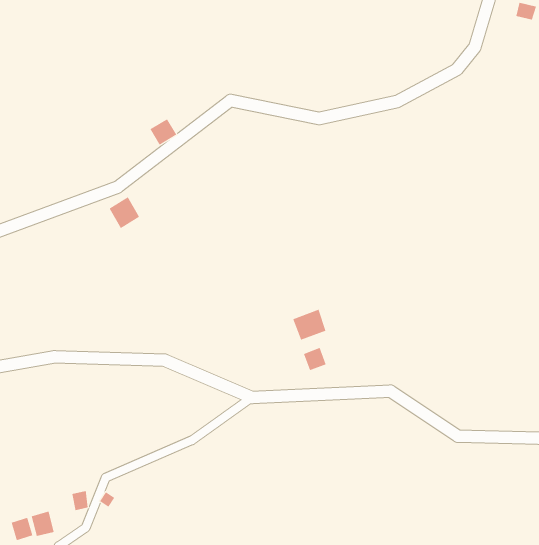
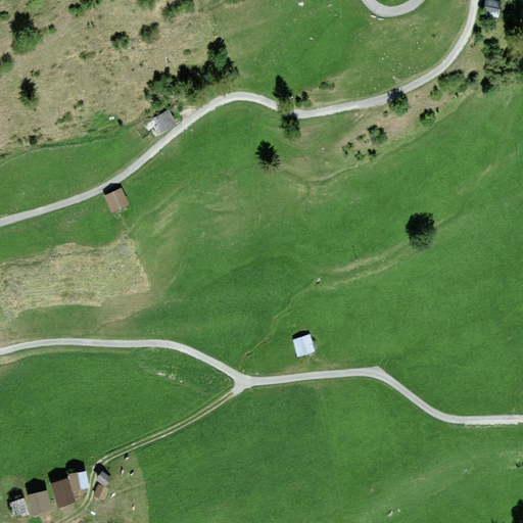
building: [292,309,326,340] -> none
building: none -> [49,476,75,508]

